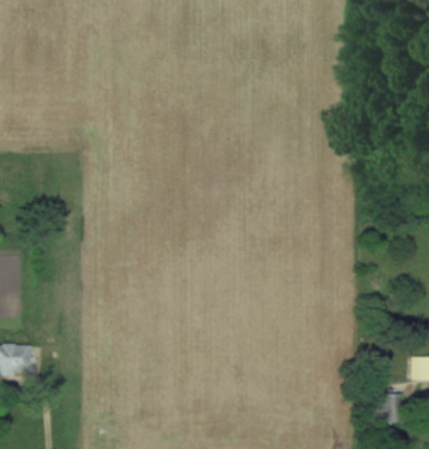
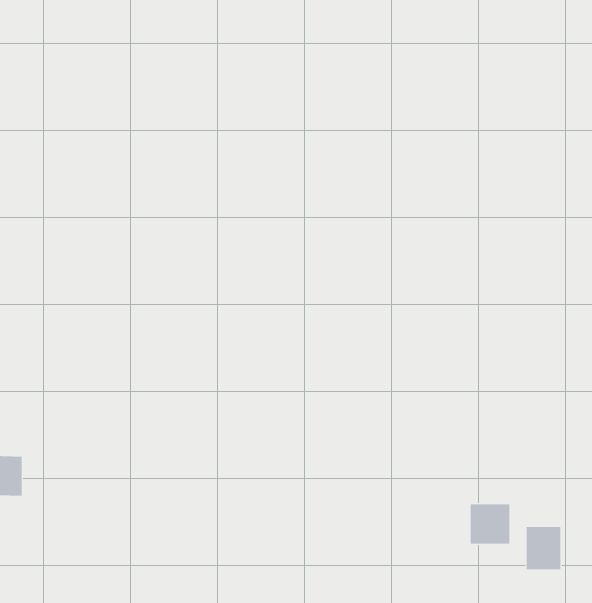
building: none -> [470,504,510,545]

